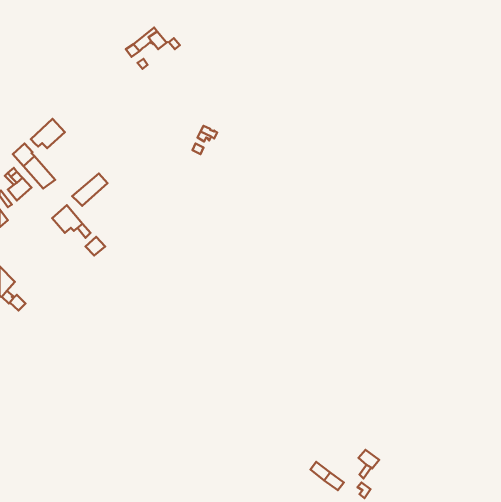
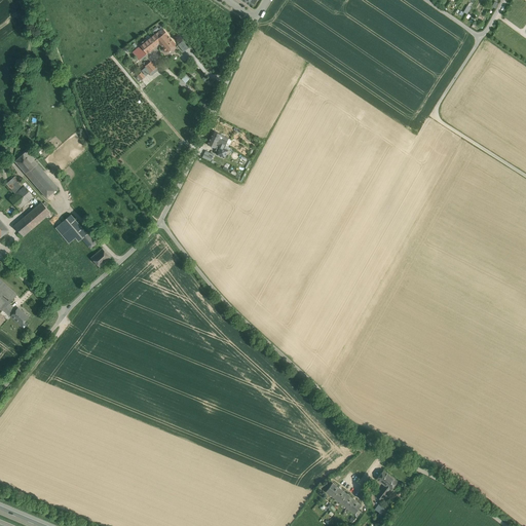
building: [31,119,65,148] -> none
building: [72,173,108,206] -> [12,202,49,236]

